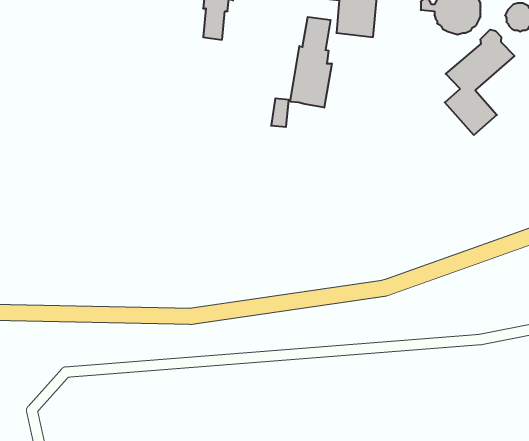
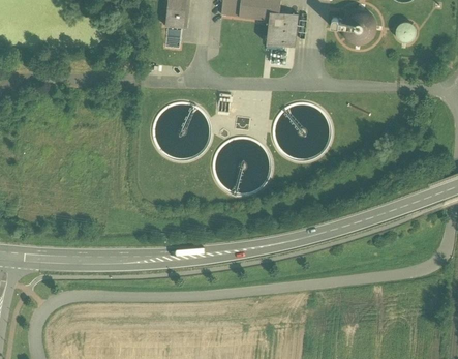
building: [290,17,332,108] -> none
building: [445,30,514,135] -> none

